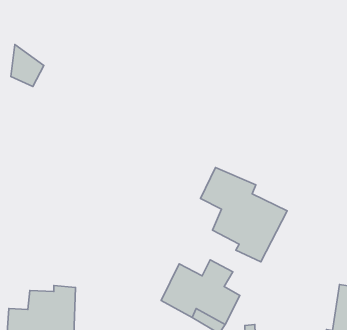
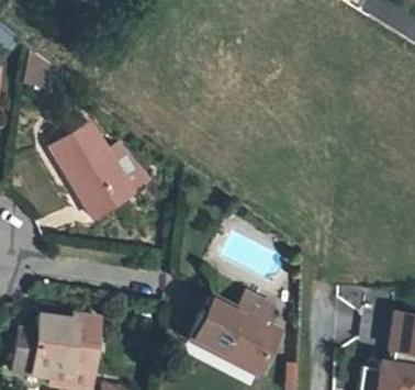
building: none -> [56,123,133,215]
building: [200,167,287,262] -> none

